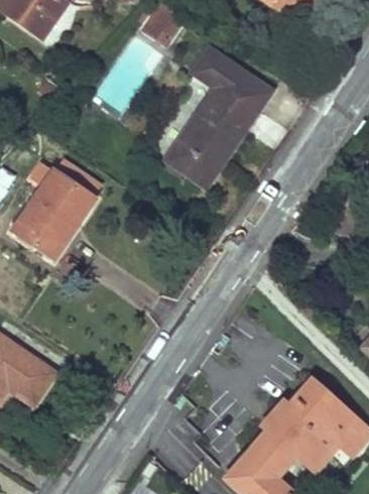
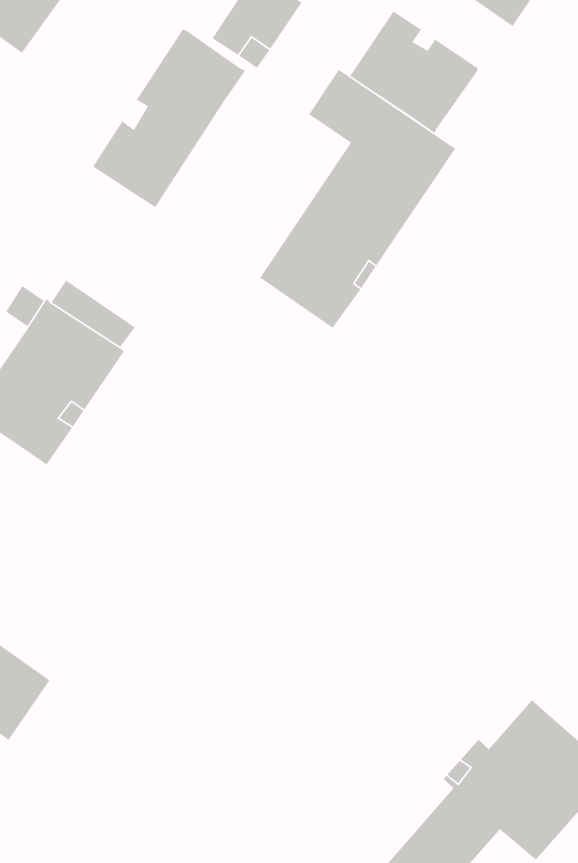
building: none -> [349,11,479,134]
building: none -> [92,29,246,208]

